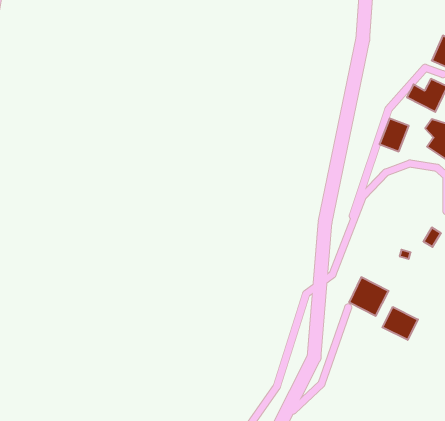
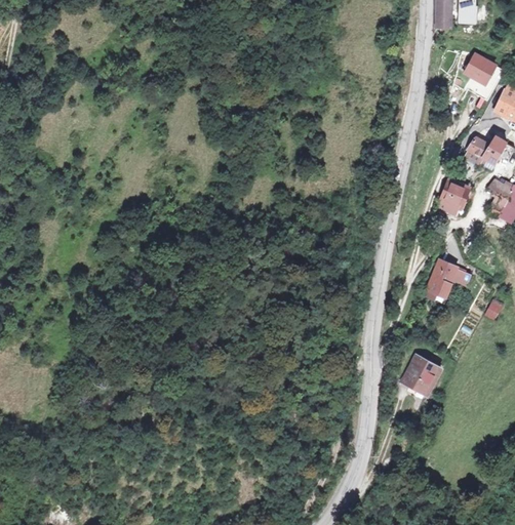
building: none -> [475,60,502,86]
building: none -> [423,258,473,306]
building: [382,307,418,340] -> none

